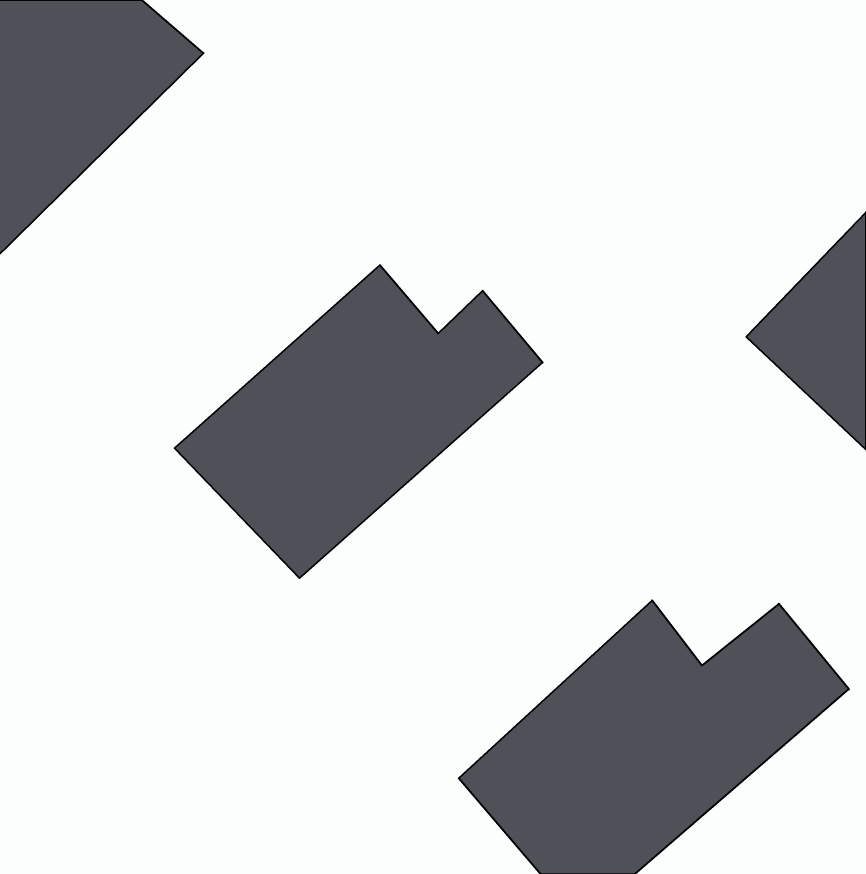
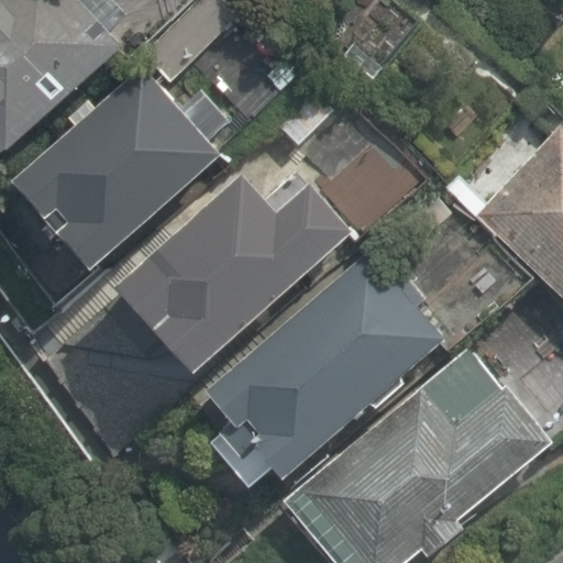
building: none -> [15,70,220,266]
building: none -> [210,254,439,477]

